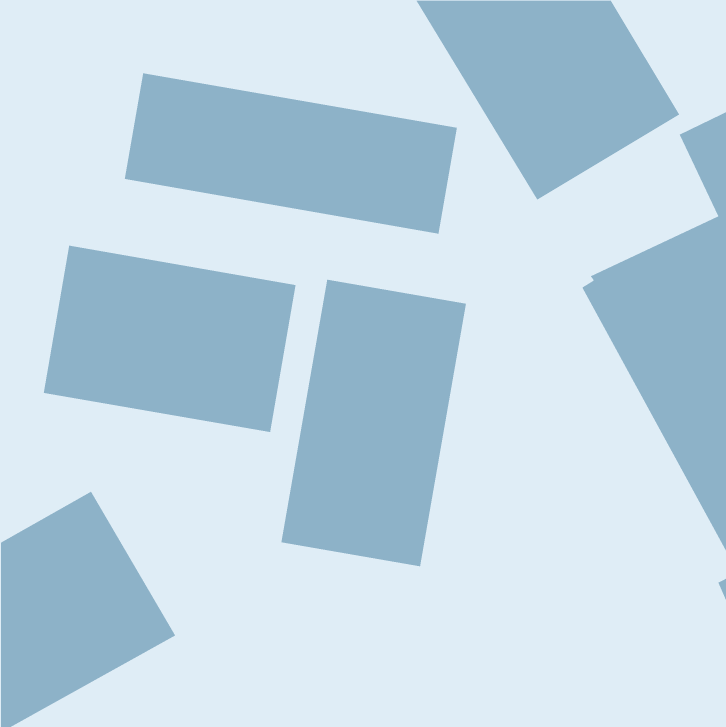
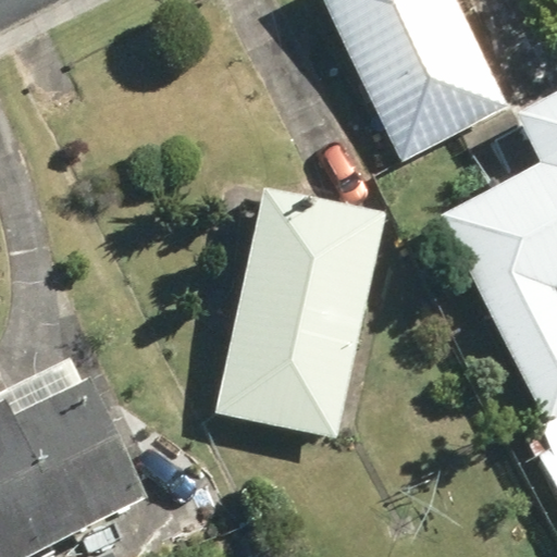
building: [124,73,458,234] -> none
building: [43,245,296,433] -> none

